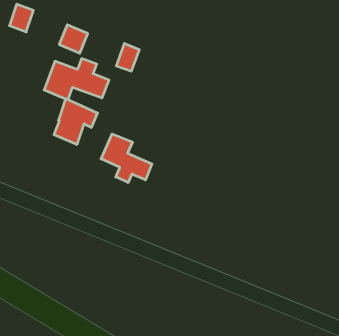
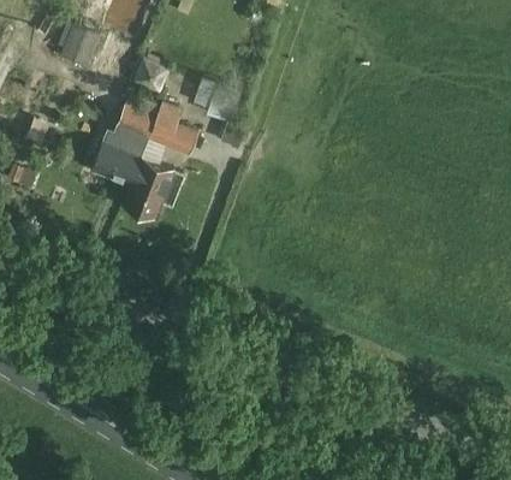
building: none -> [91,141,138,184]
building: [101,134,152,183] -> none

